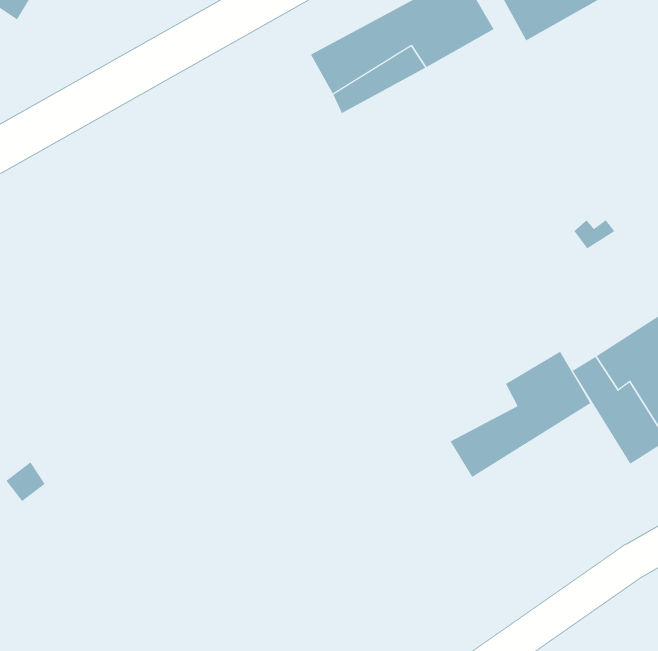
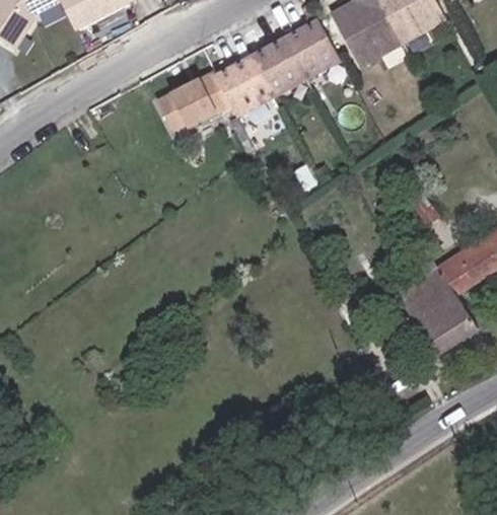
building: none -> [153,76,216,131]
building: [450,351,591,478] -> none

